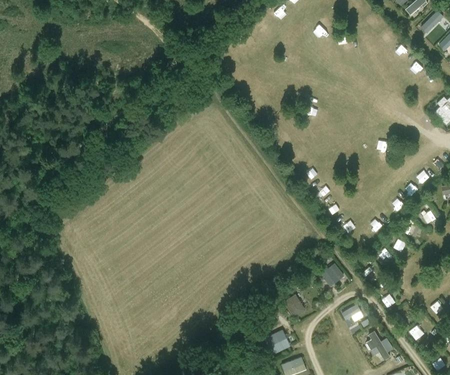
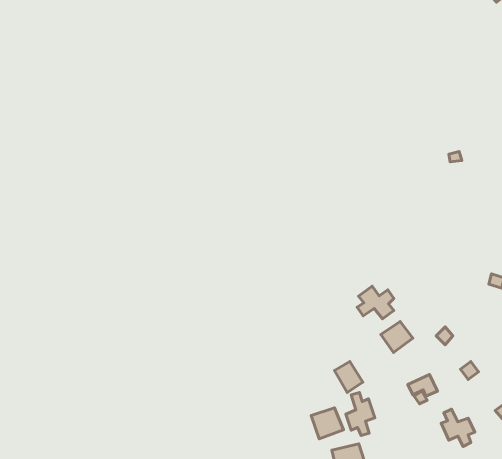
building: none -> [357,286,394,319]
building: none -> [346,392,375,436]

